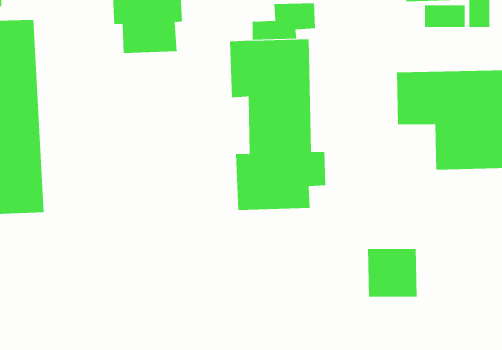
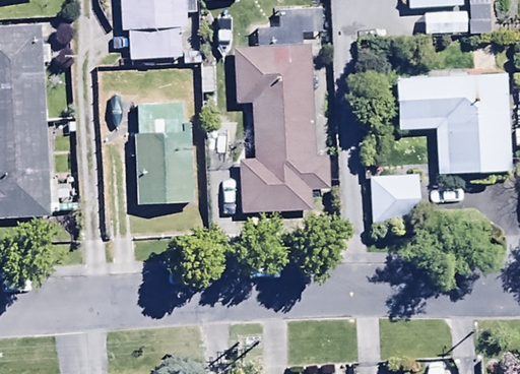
building: none -> [135,103,194,203]
building: [367,249,418,297] -> [372,175,421,223]

